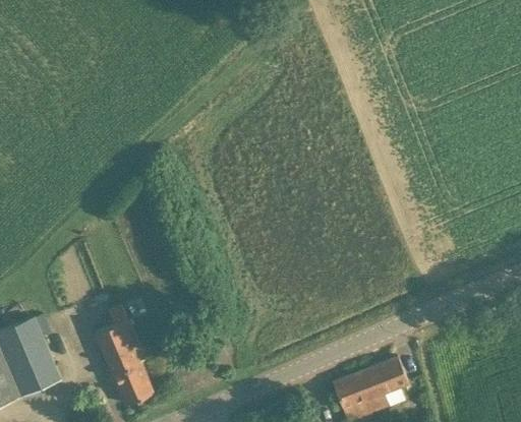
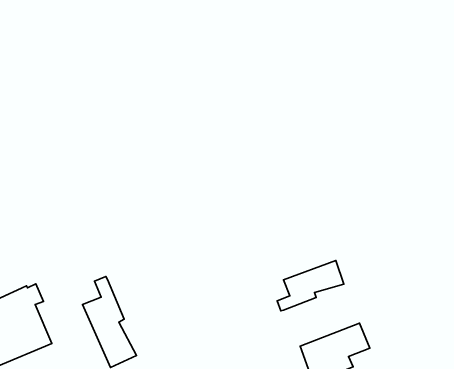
building: none -> [277,261,344,311]

